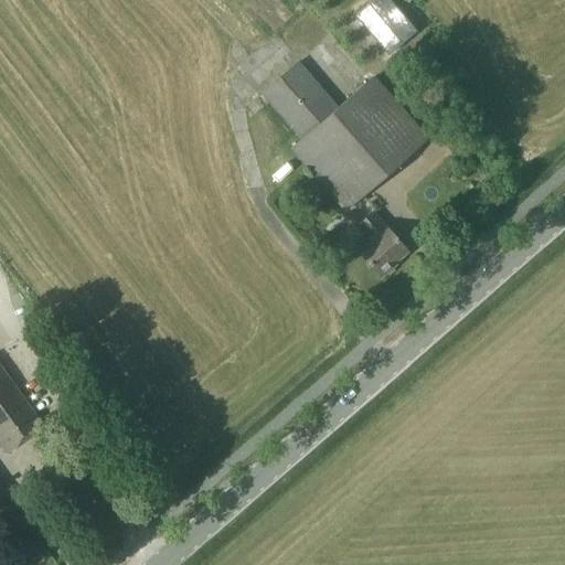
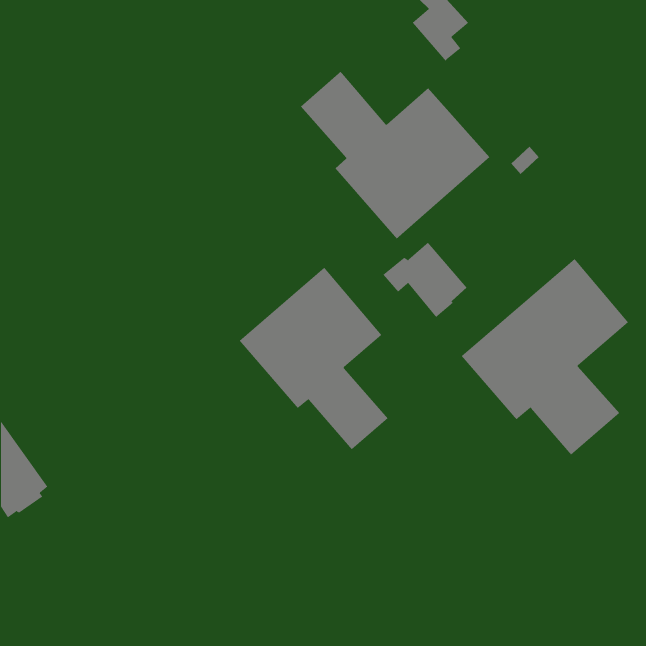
building: none -> [461,258,629,456]
building: none -> [239,267,389,450]

